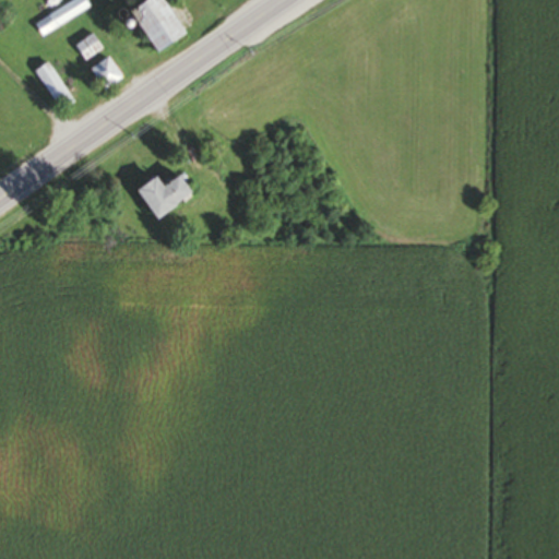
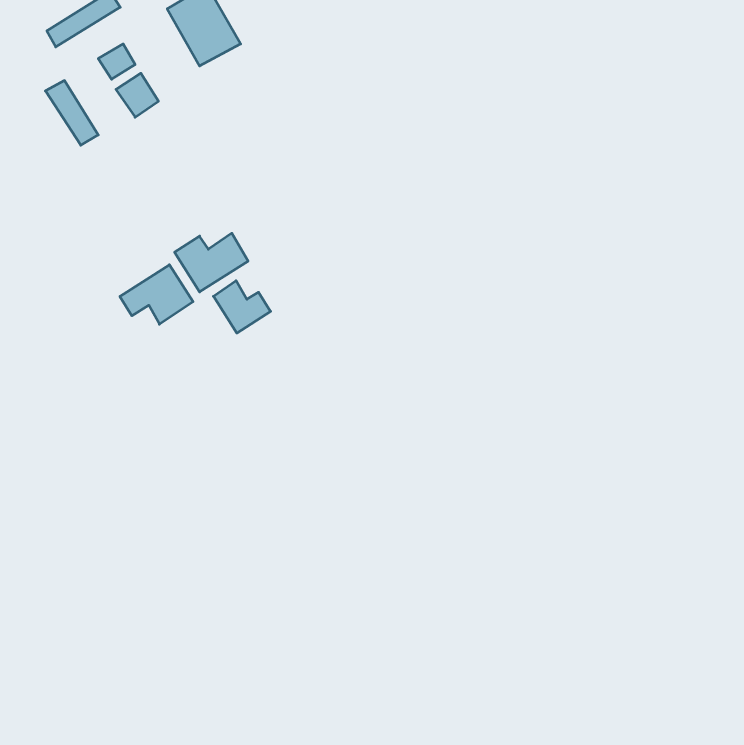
building: none -> [120,265,193,324]
building: none -> [213,281,271,333]

